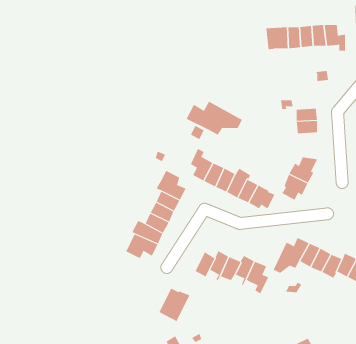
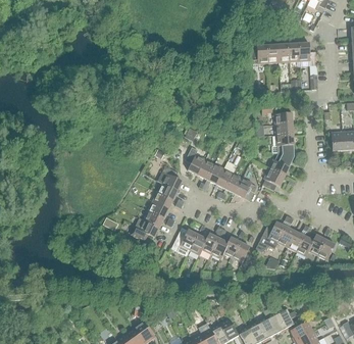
building: [186,101,243,135] -> none
building: none -> [272,134,294,156]
building: [159,288,190,322] -> [171,228,198,256]

